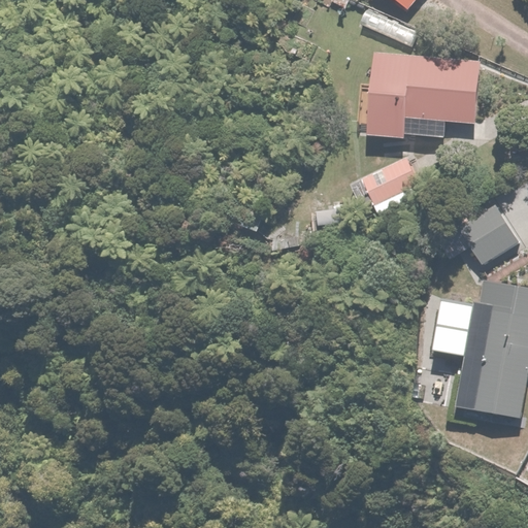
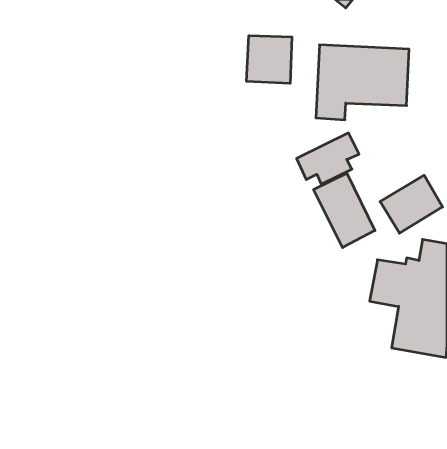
building: none -> [247,36,292,83]
building: none -> [314,173,375,248]

